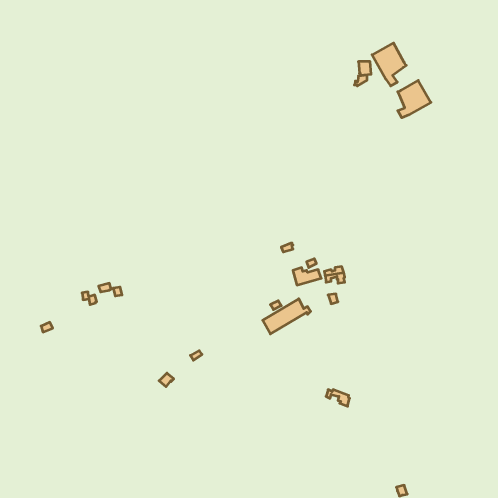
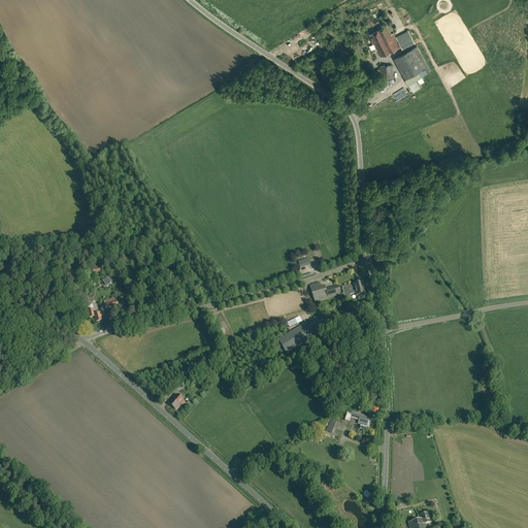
building: none -> [368,25,400,57]
building: [398,80,431,118] -> none

